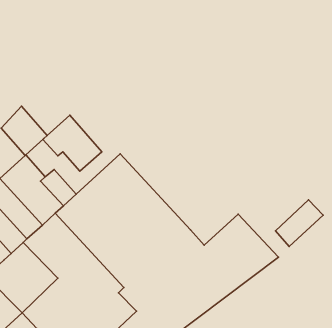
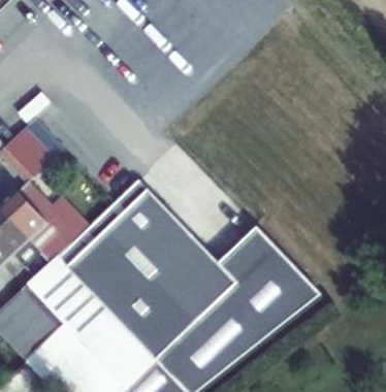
building: [43,115,102,171] -> none
building: [276,200,323,246] -> [218,231,271,284]

